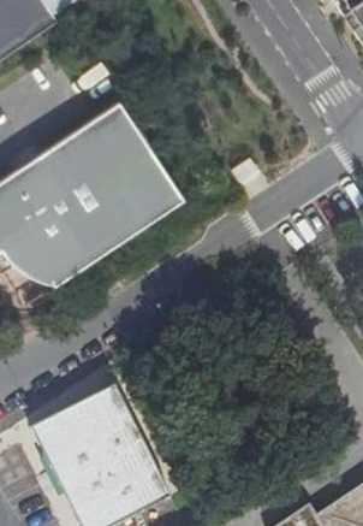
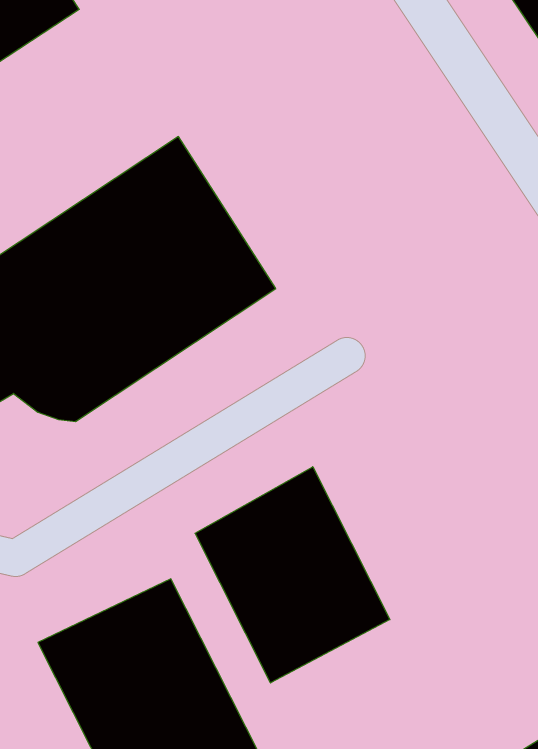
building: none -> [195,467,390,683]

